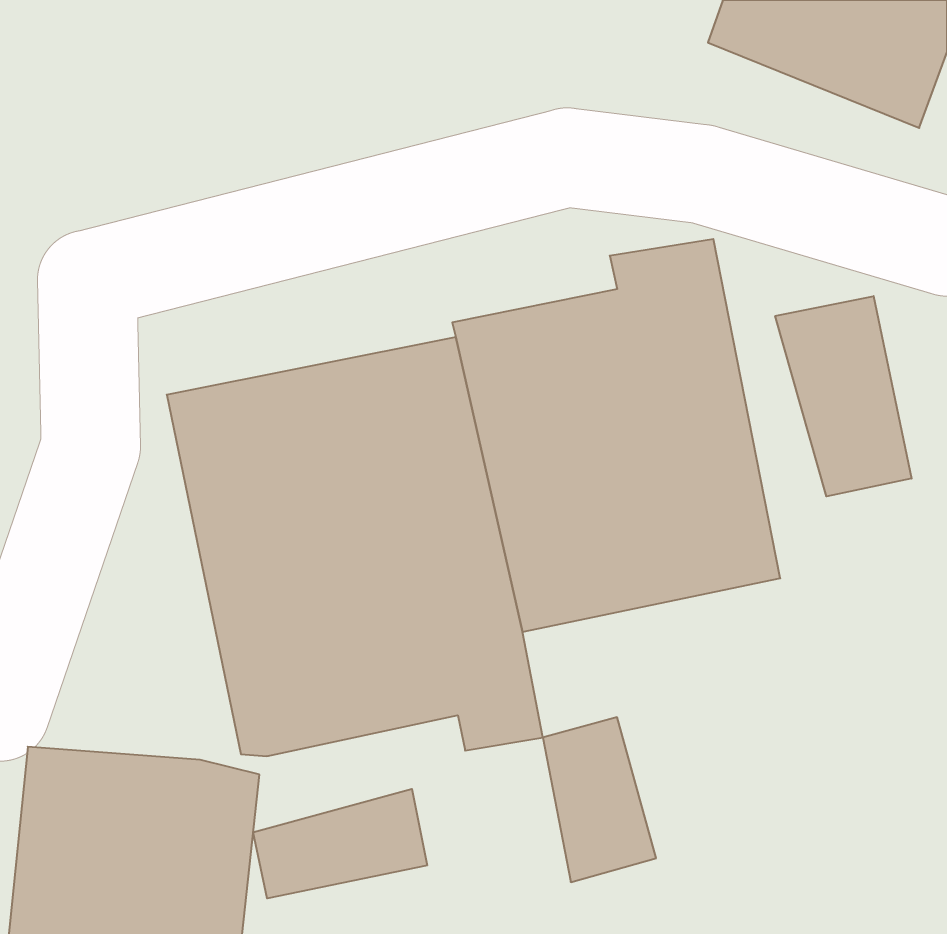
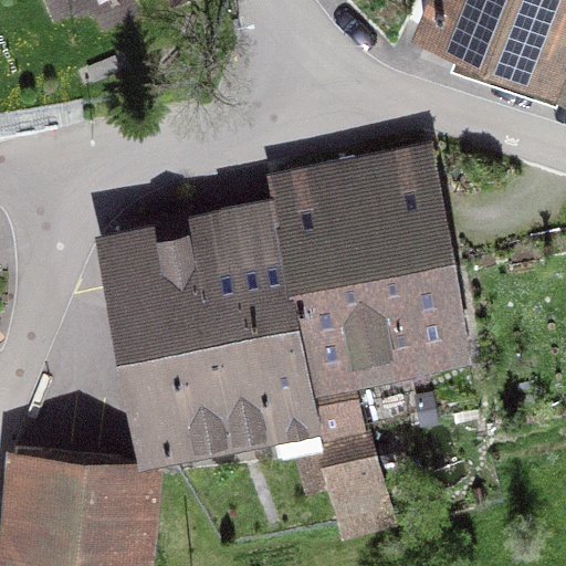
building: [775,296,912,496] -> none
building: [253,789,427,898] -> none

